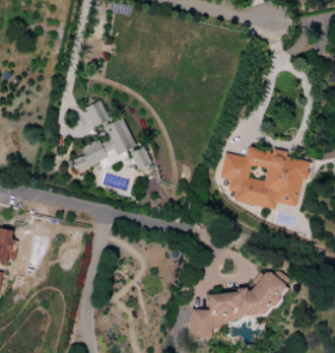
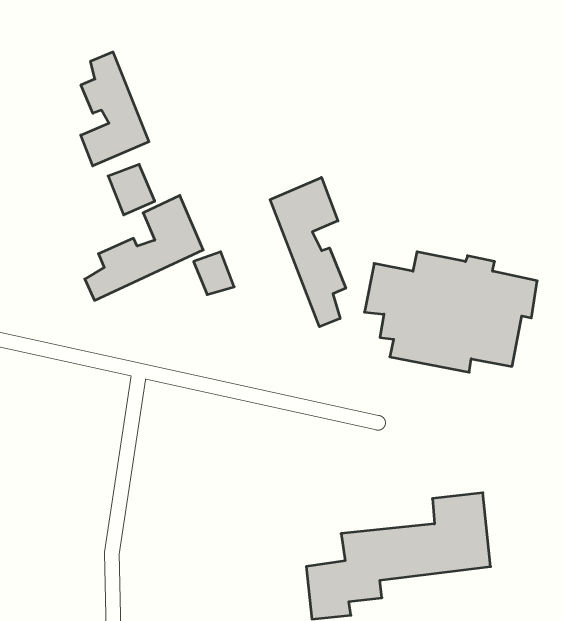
building: none -> [81,52,149,166]
building: none -> [270,177,346,327]

